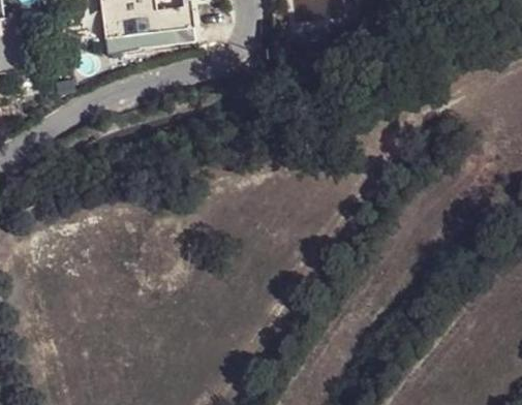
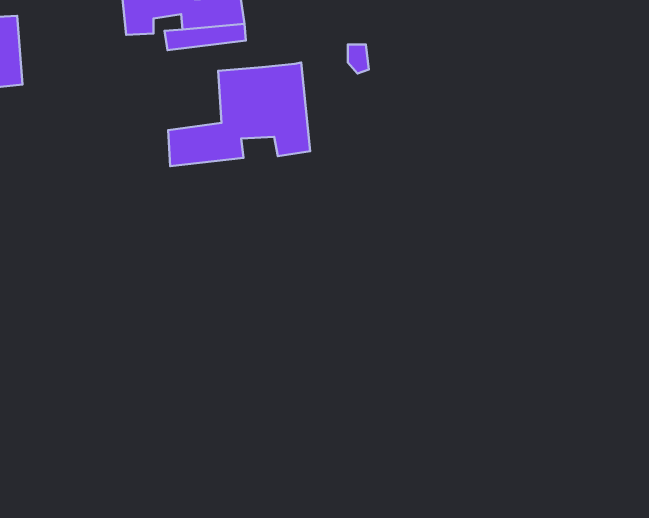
building: none -> [168,62,310,166]

